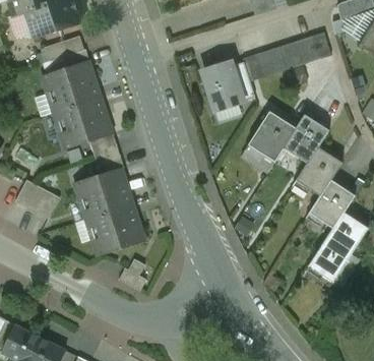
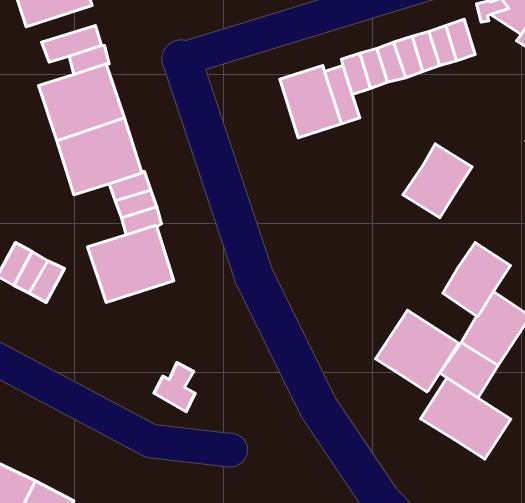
building: [247,111,296,162] -> none
building: [296,146,341,195] -> none
building: [86,204,142,254] -> none
building: none -> [376,310,459,392]
building: none -> [420,378,511,459]

